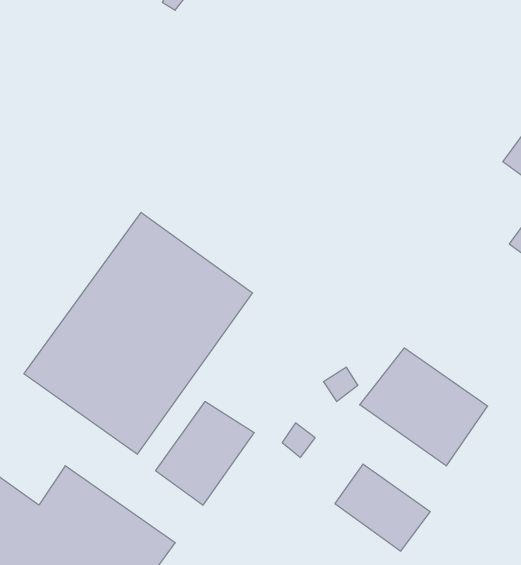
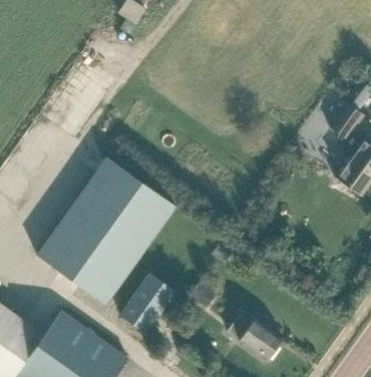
building: [360,348,488,466] -> none

